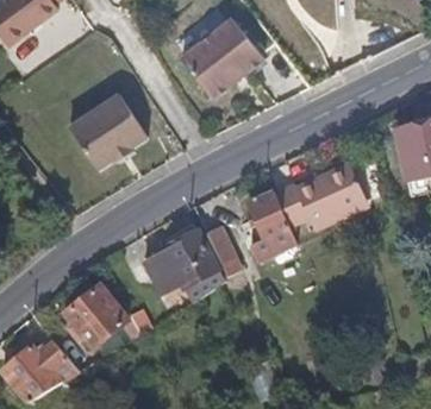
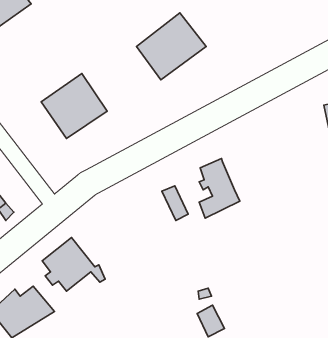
building: [280,168,374,233] -> none
building: [149,221,223,288] -> none

